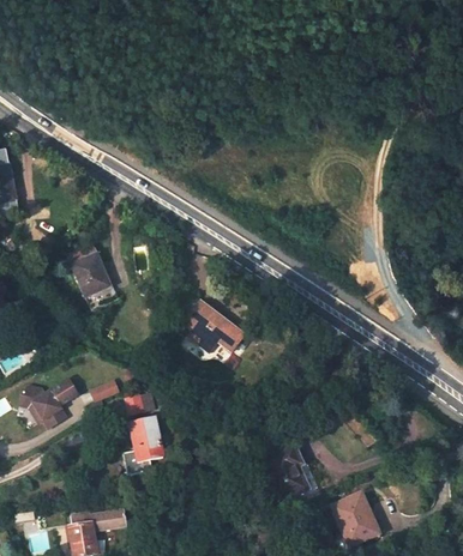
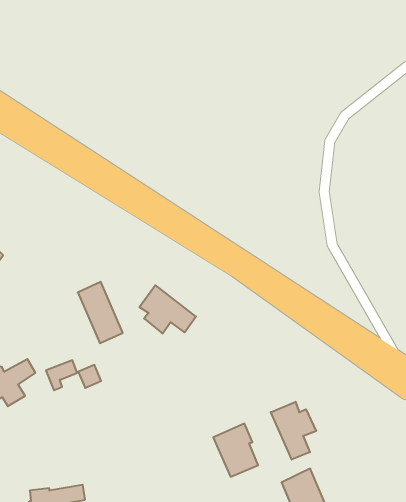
building: [68,243,115,307] -> [78,282,123,343]
building: [126,418,162,472] -> none
building: none -> [271,402,316,460]

